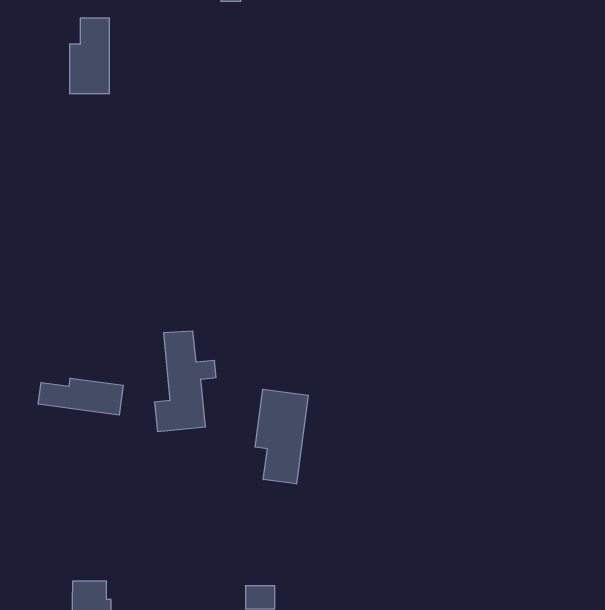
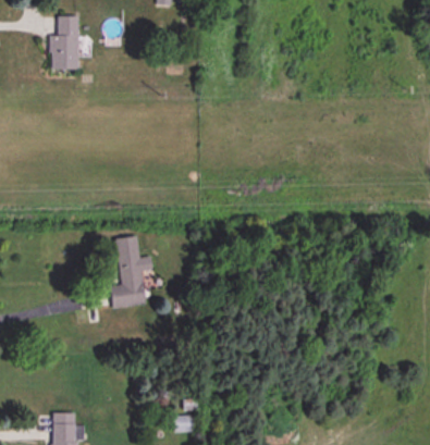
building: [38,378,123,415] -> none
building: [255,389,308,484] -> none

